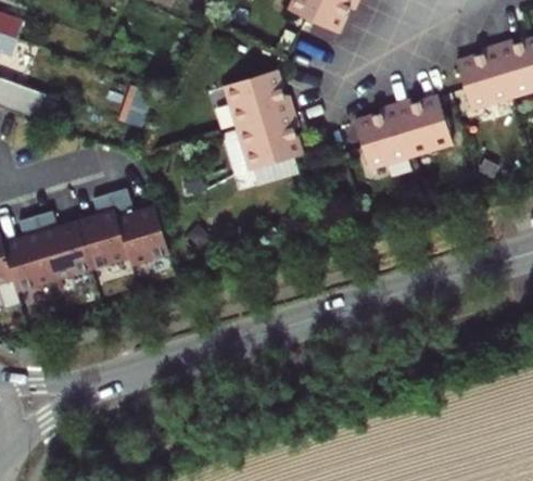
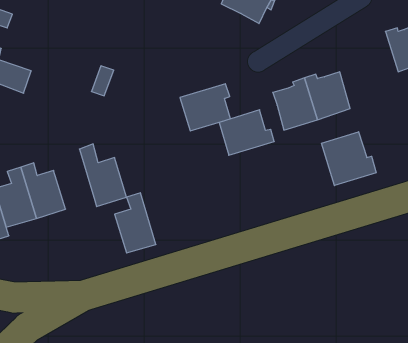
building: [455,45,511,109] -> none
building: [224,71,293,128] -> [219,110,274,155]
building: none -> [322,132,376,186]
building: [76,193,128,269] -> [115,193,156,253]

